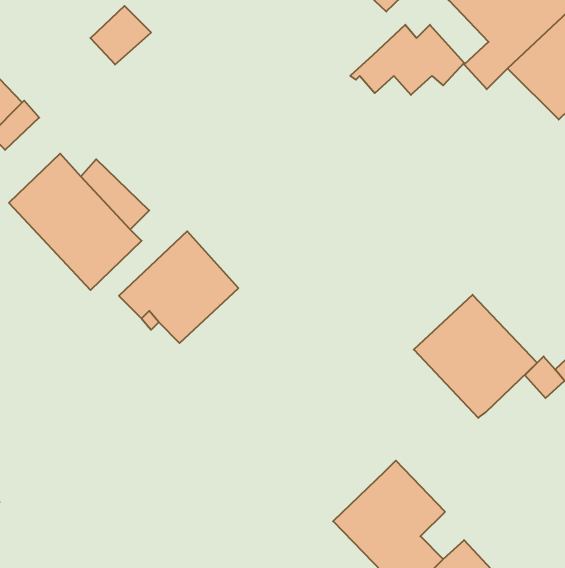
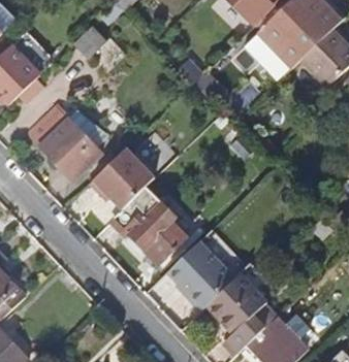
building: [414,295,537,418] -> [166,241,233,308]
building: none -> [114,190,185,261]

